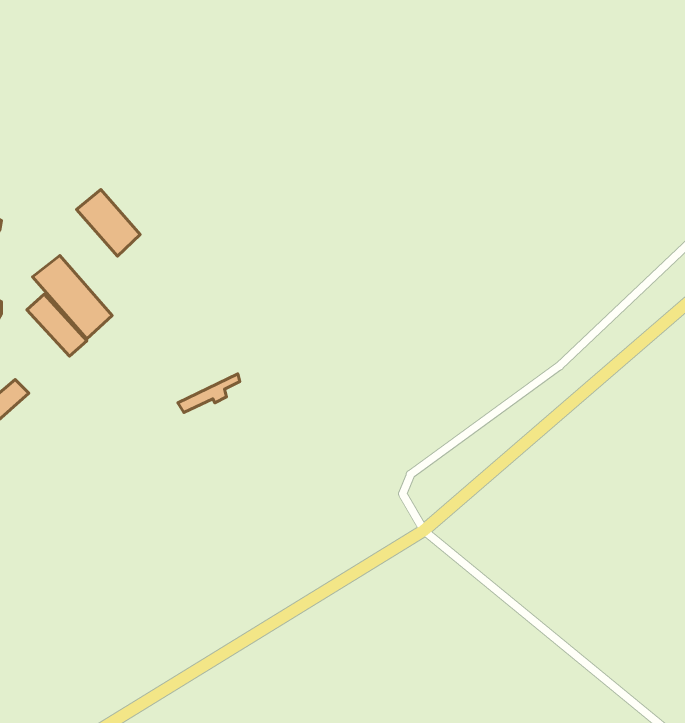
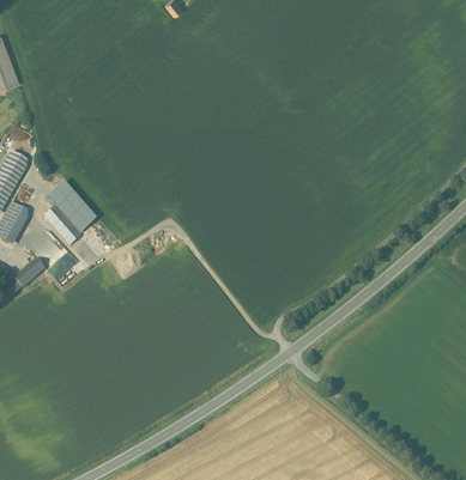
building: [77,189,140,256] -> none

